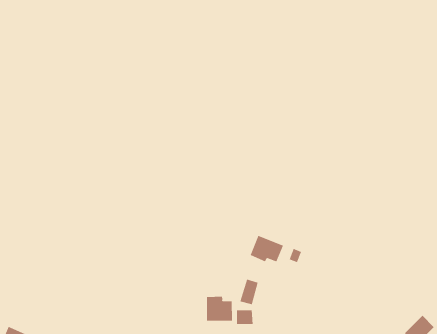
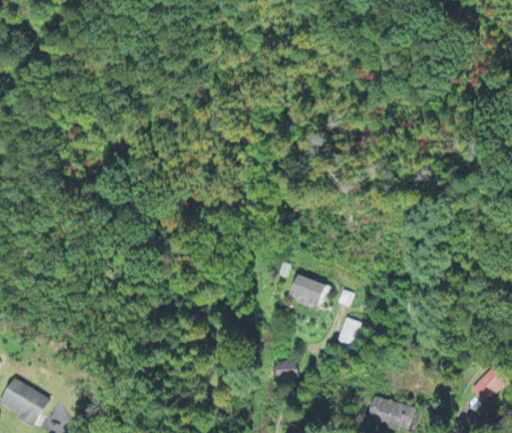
building: [240,279,259,305] -> [336,318,358,348]
building: [206,296,232,321] -> none

